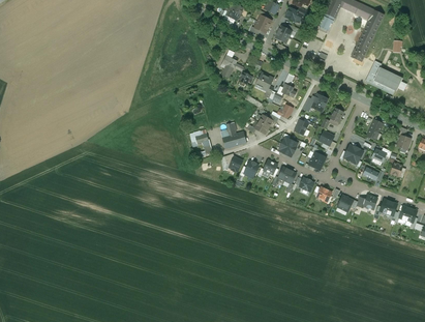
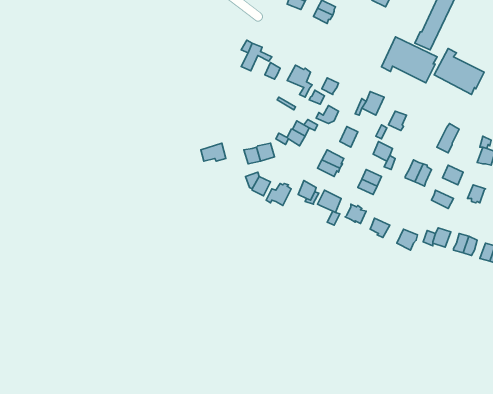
building: none -> [381,37,437,83]

